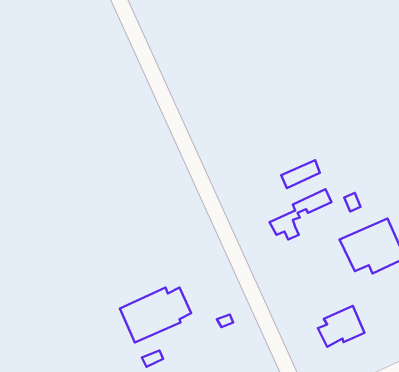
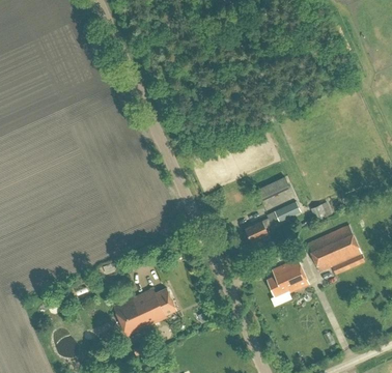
building: [318,306,365,347] -> [265,260,307,296]

